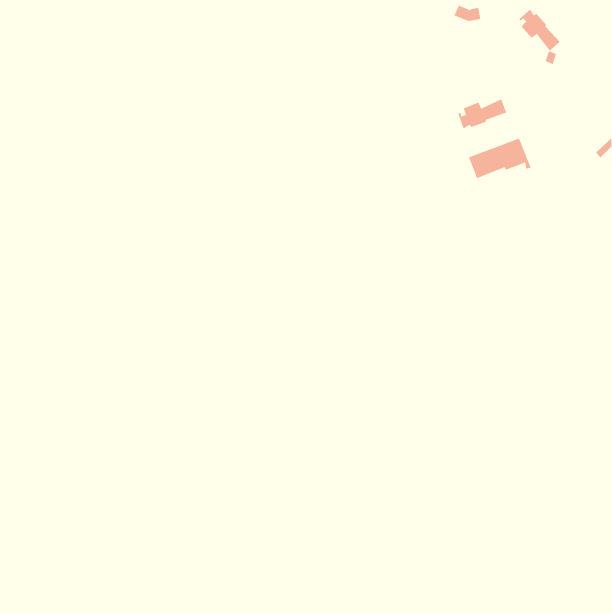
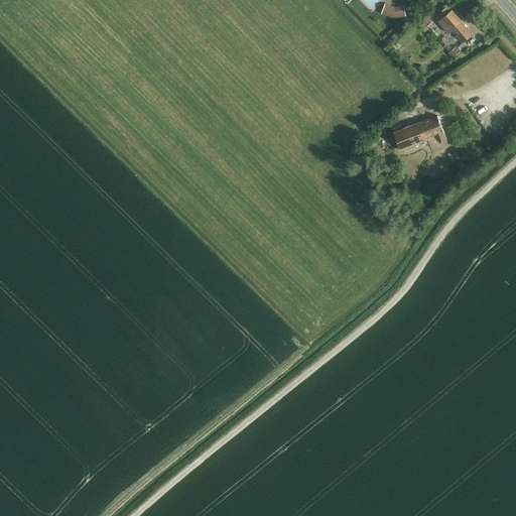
building: [457,99,507,129] -> none

